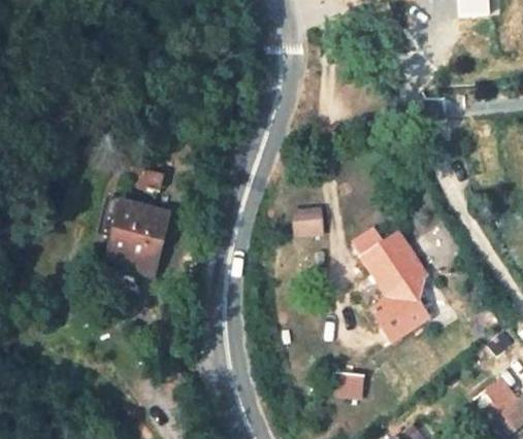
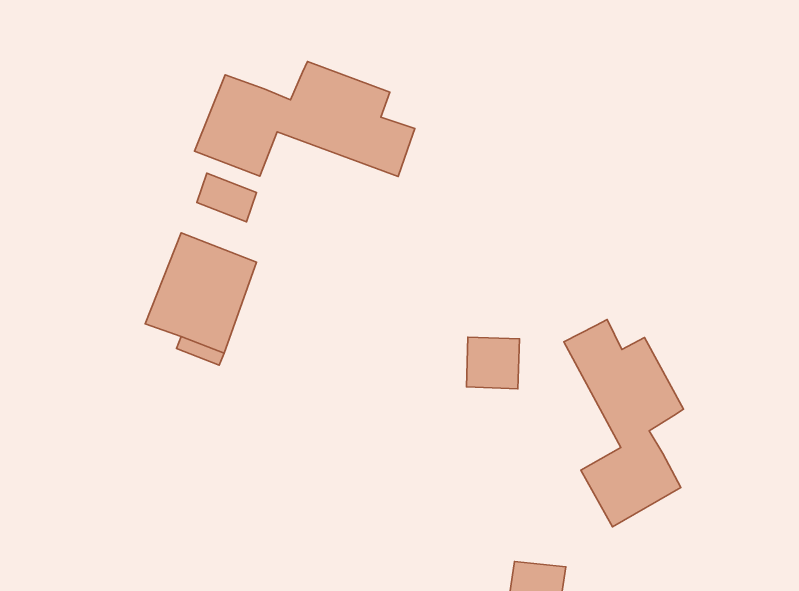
building: none -> [195,61,415,176]
building: [293,204,325,235] -> [466,337,519,389]

